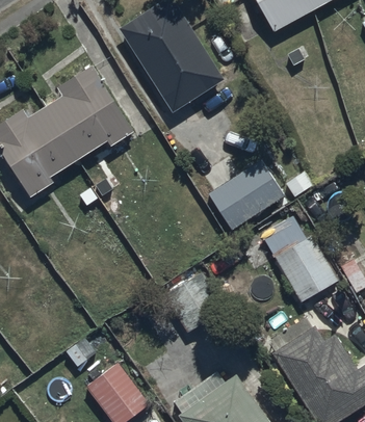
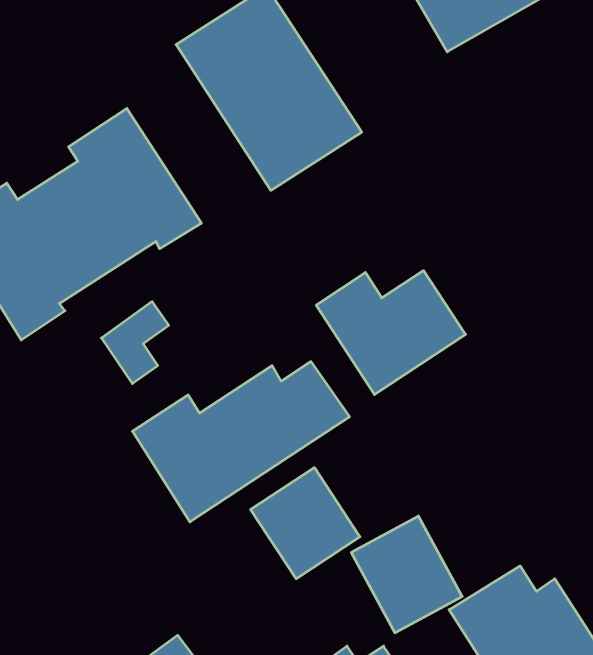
building: none -> [132,362,349,522]
building: [276,235,339,301] -> [351,516,462,633]

